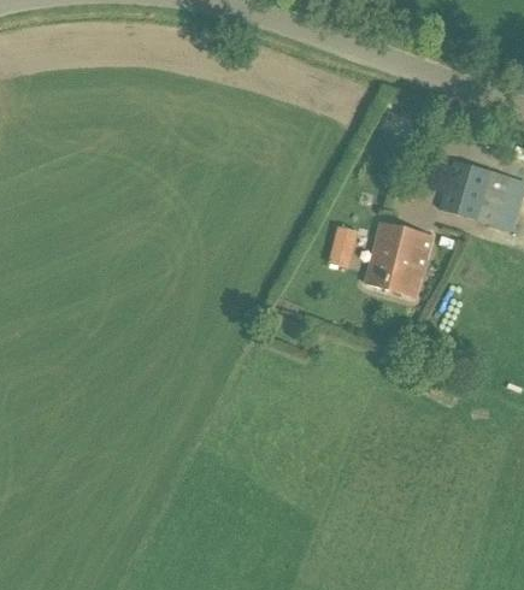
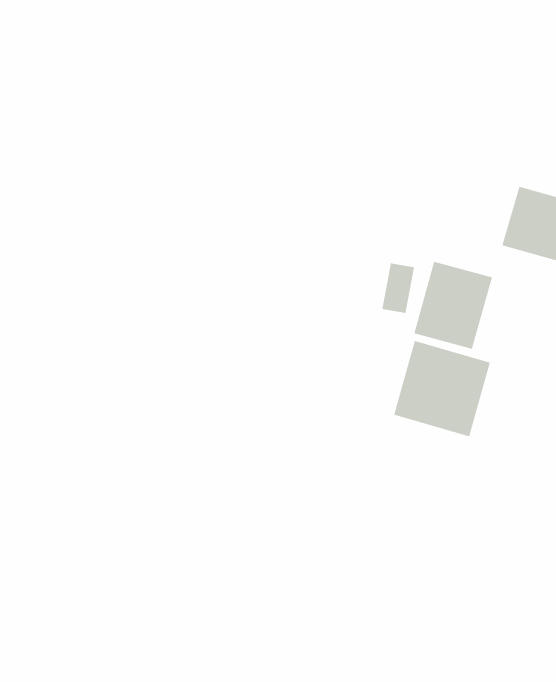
building: none -> [393,340,491,437]

